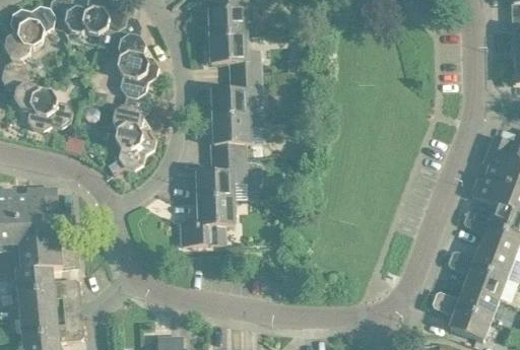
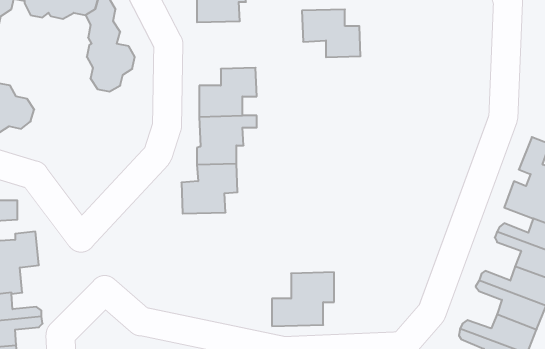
building: [210,37,260,77] -> [302,9,361,57]
building: [112,91,155,169] -> none
building: [182,199,235,244] -> [272,272,334,326]

